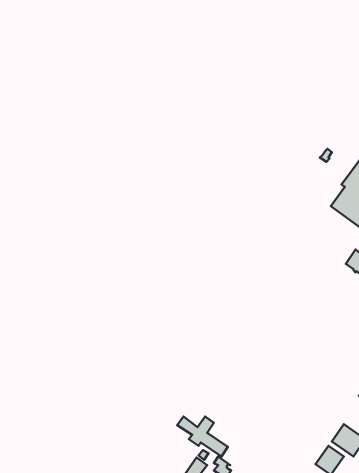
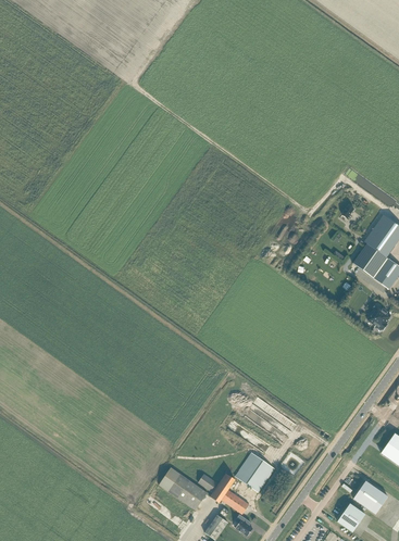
building: none -> [235,451,274,491]
building: none -> [159,466,208,508]

